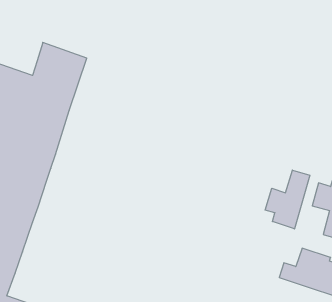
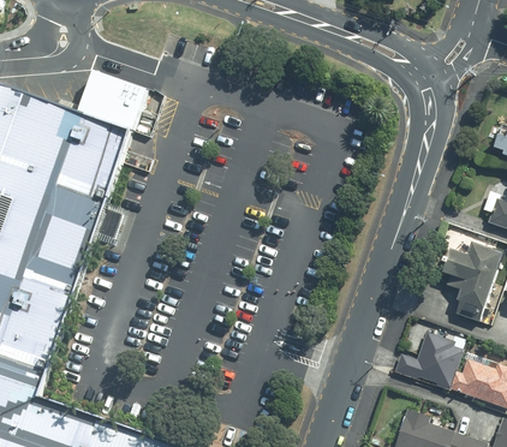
building: [265,170,310,229] -> none

